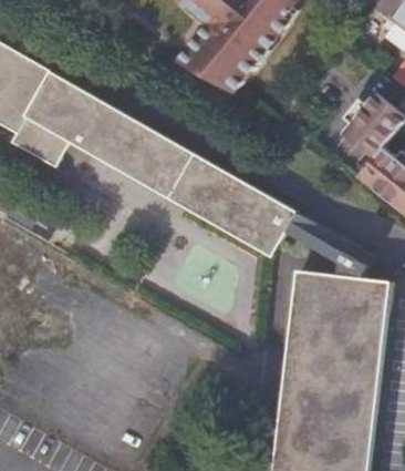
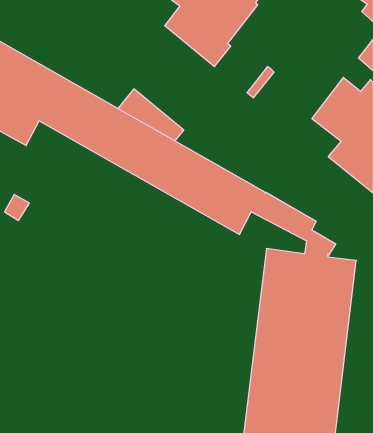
building: [174,41,241,94] -> [118,89,184,141]

